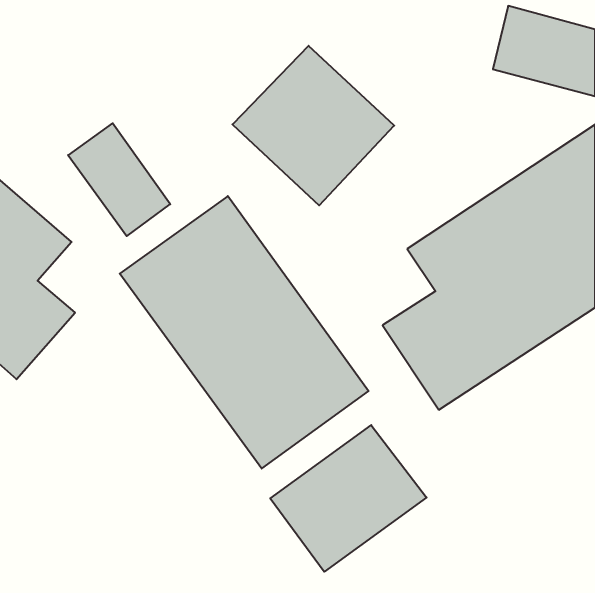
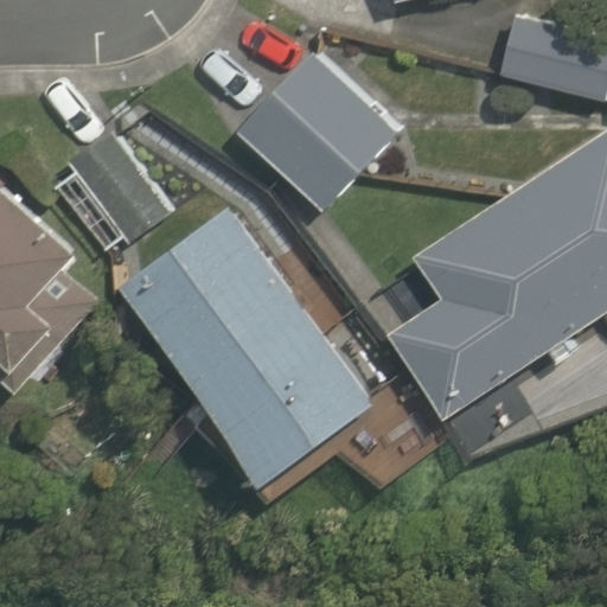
building: [270,425,427,572] -> none

